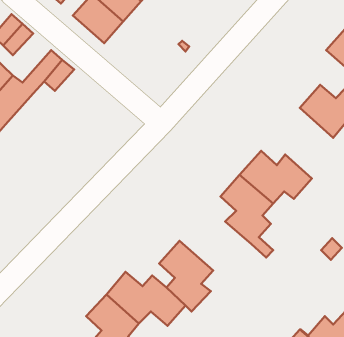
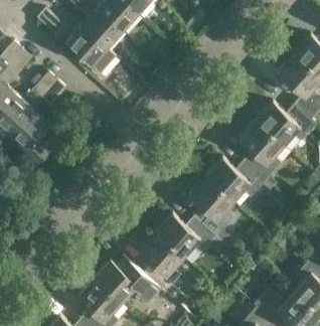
building: none -> [9,109,57,172]
building: none -> [238,121,284,180]
building: none -> [155,213,228,258]

